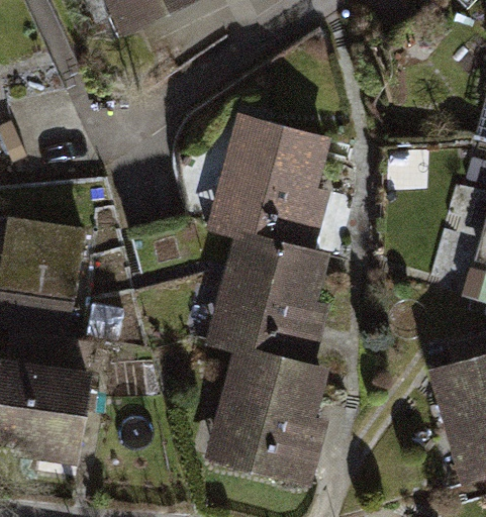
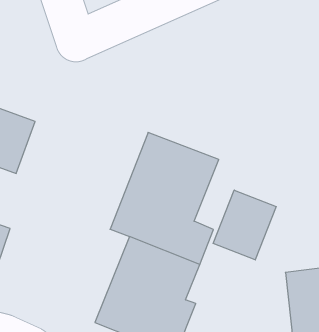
building: [214,120,333,242] -> none
building: none -> [213,190,276,260]

